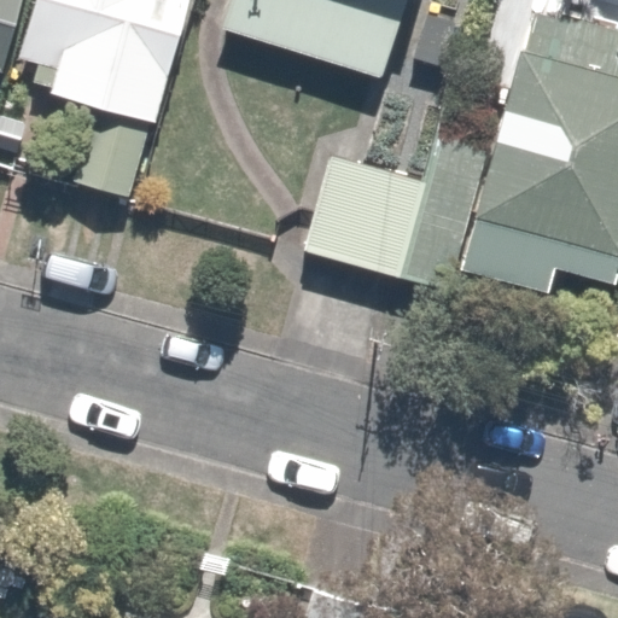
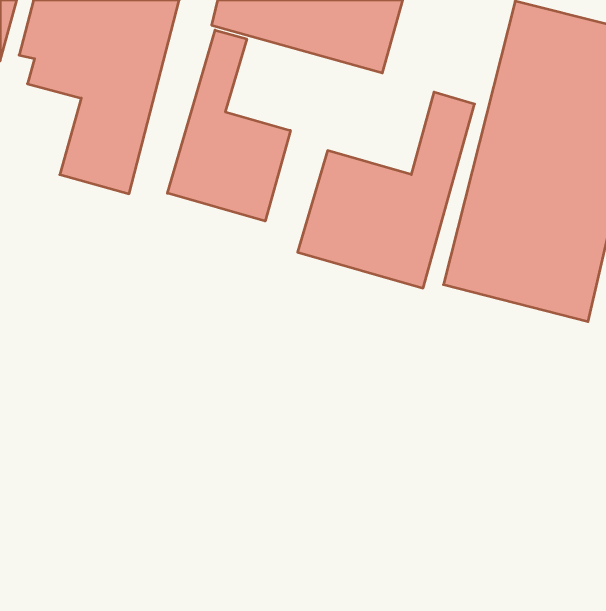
building: none -> [167,30,290,221]

